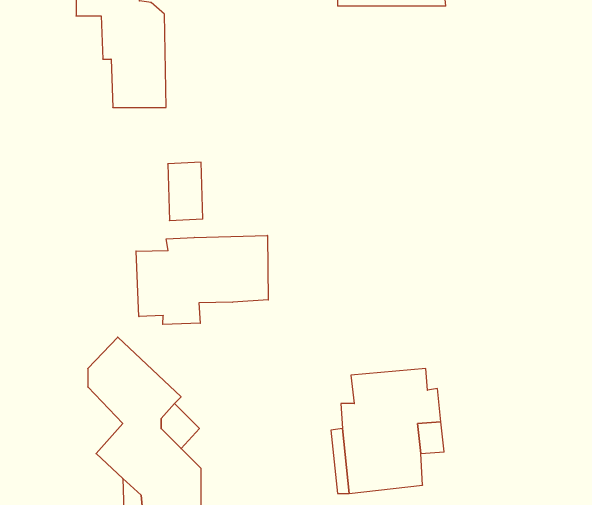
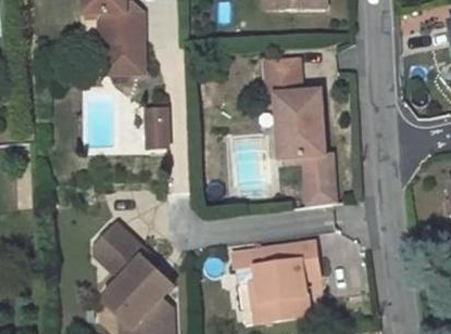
building: none -> [266,53,337,206]
building: [136,235,268,324] -> none

